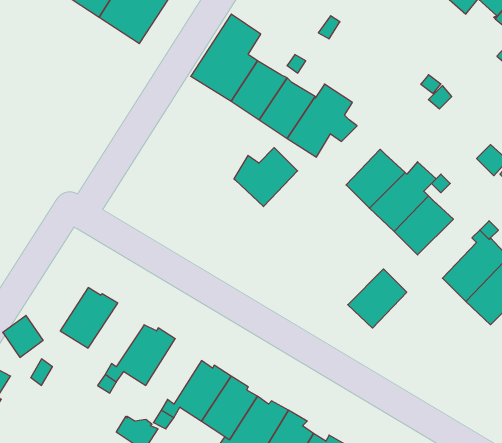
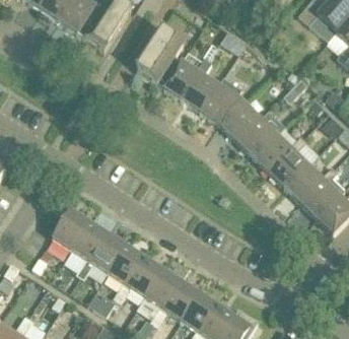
building: [234,148,298,207] -> [219,105,261,143]
building: [348,269,407,328] -> [285,165,324,204]
building: none -> [70,220,107,262]
building: none -> [108,244,144,286]

